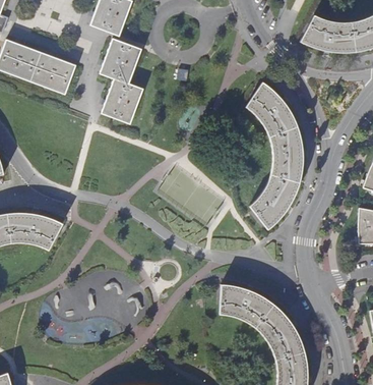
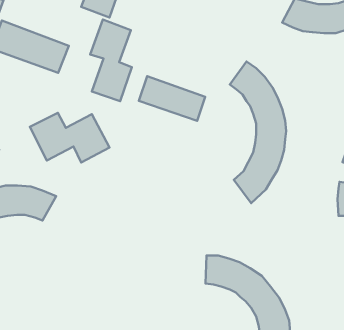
building: none -> [139,76,205,121]
building: none -> [30,113,109,163]

